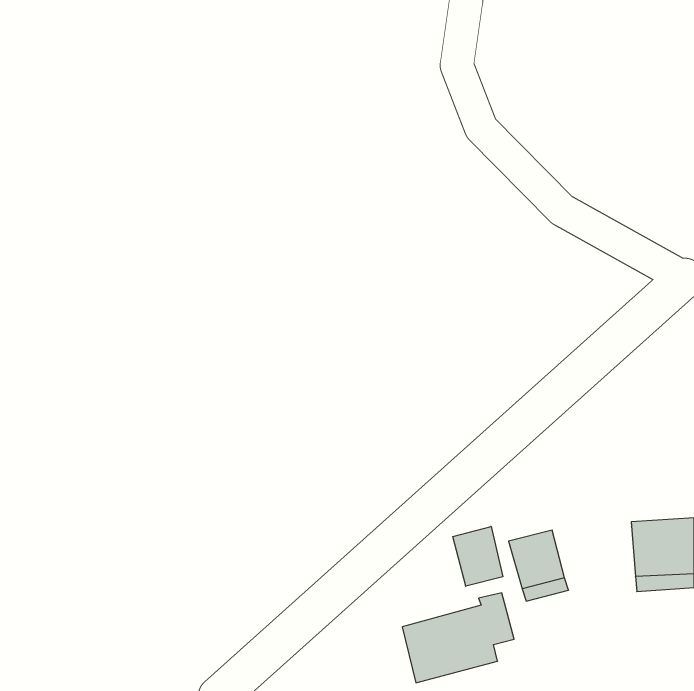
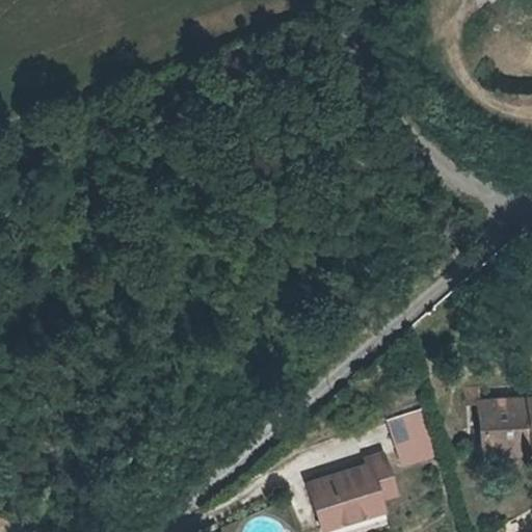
building: [453,526,503,586] -> none

